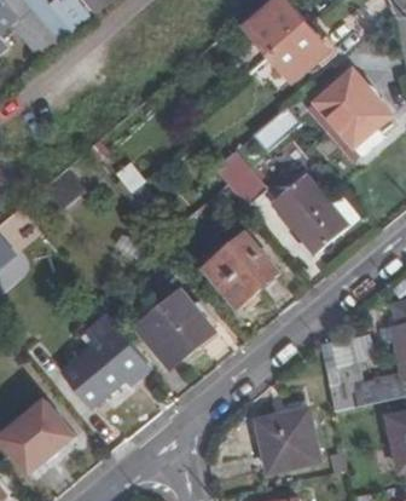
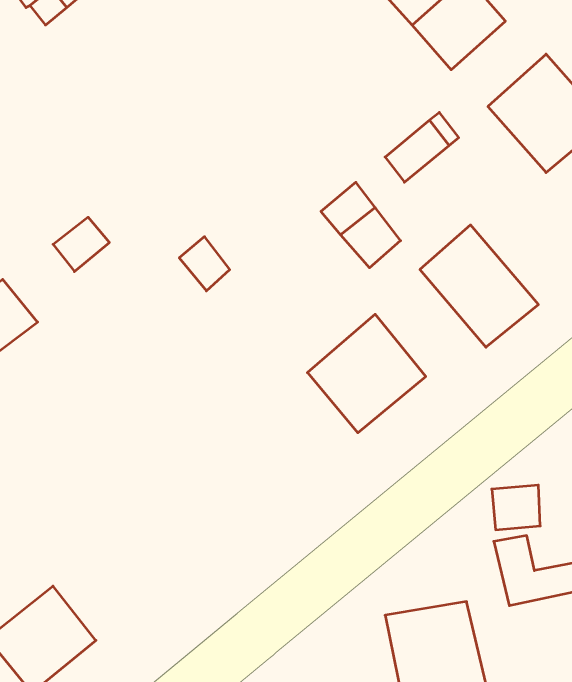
building: [133,283,215,365] -> none
building: [63,326,145,404] -> none

